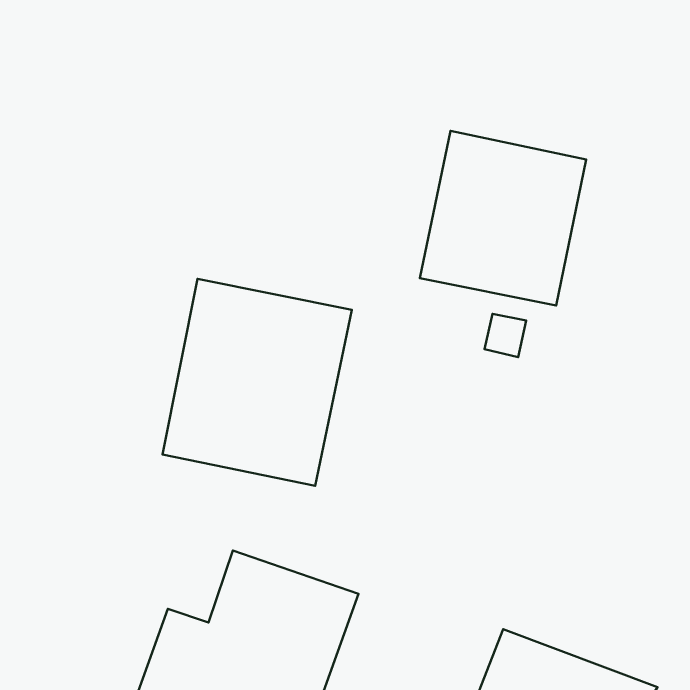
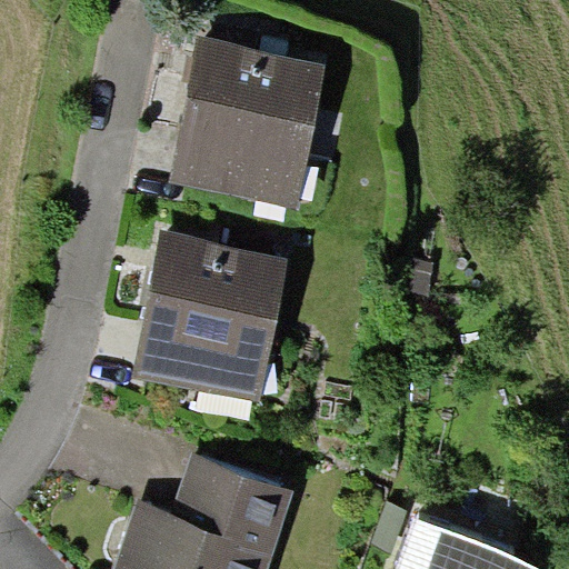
building: none -> [168,37,326,208]
building: [420,131,586,306] -> none

